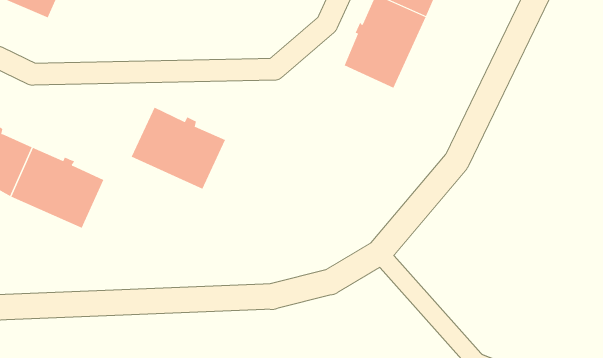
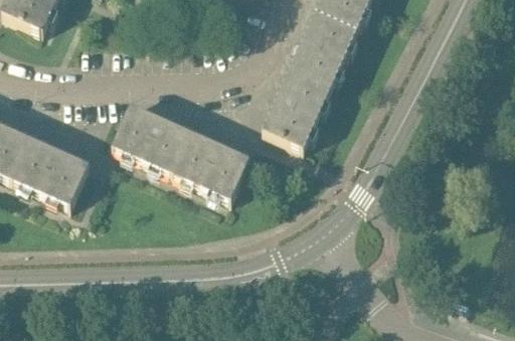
building: none -> [261,68,329,147]
building: none -> [171,130,249,198]

